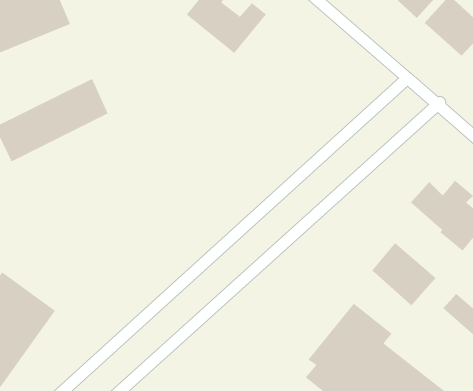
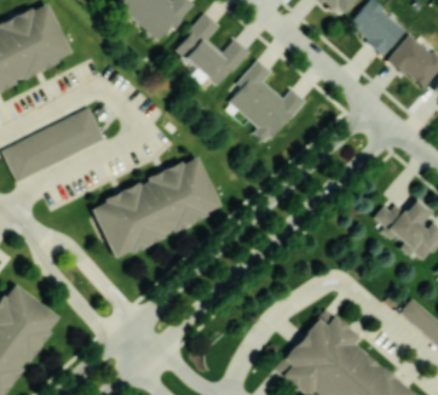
building: none -> [229,59,305,144]
building: none -> [91,158,223,258]
building: [372,242,437,306] -> none

